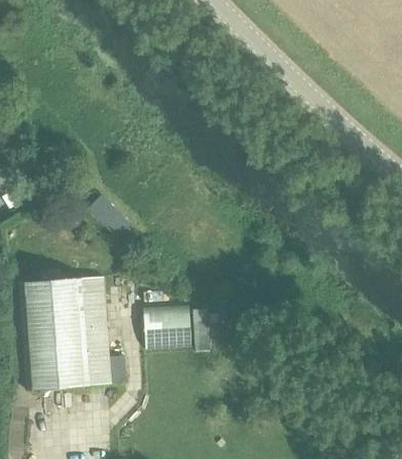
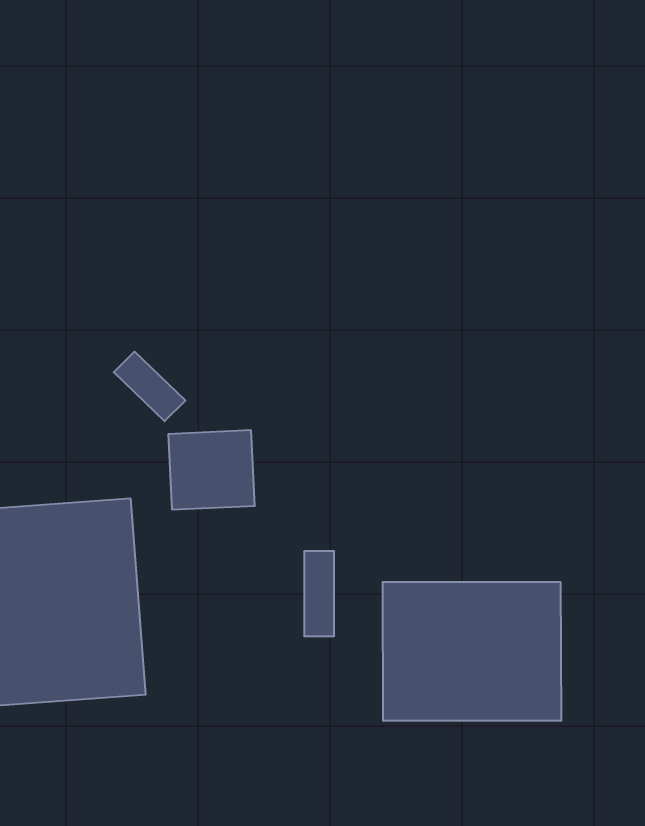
building: [144,306,191,349] -> [168,430,255,509]
building: none -> [383,582,561,721]

